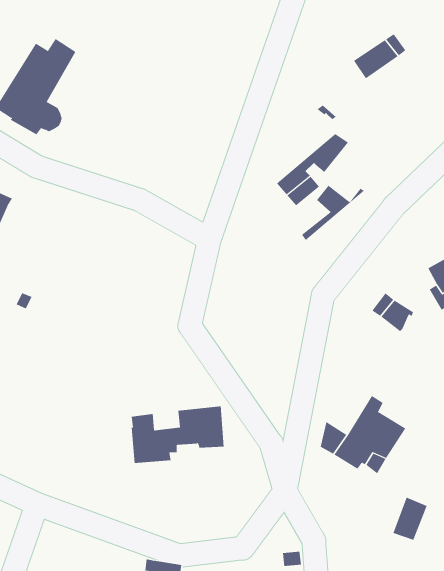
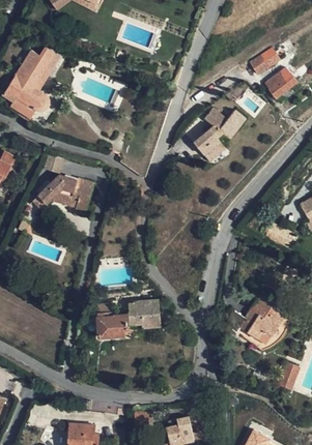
building: none -> [264,67,295,97]
building: [301,185,365,241] -> [193,108,236,146]
building: none -> [32,175,93,216]

